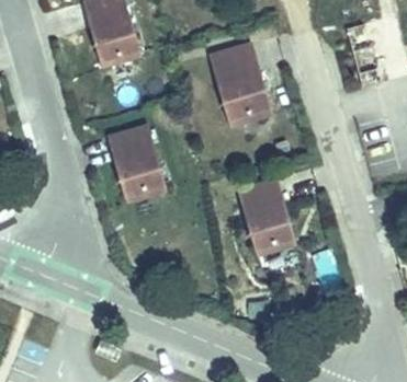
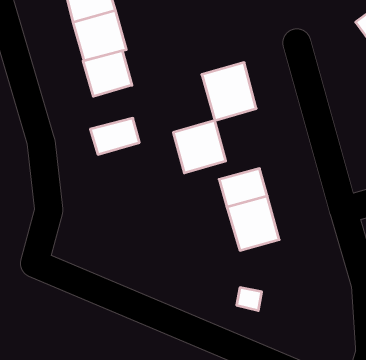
building: [210,45,259,82] -> none
building: none -> [83,51,132,96]
building: [112,150,165,202] -> [173,121,226,173]

